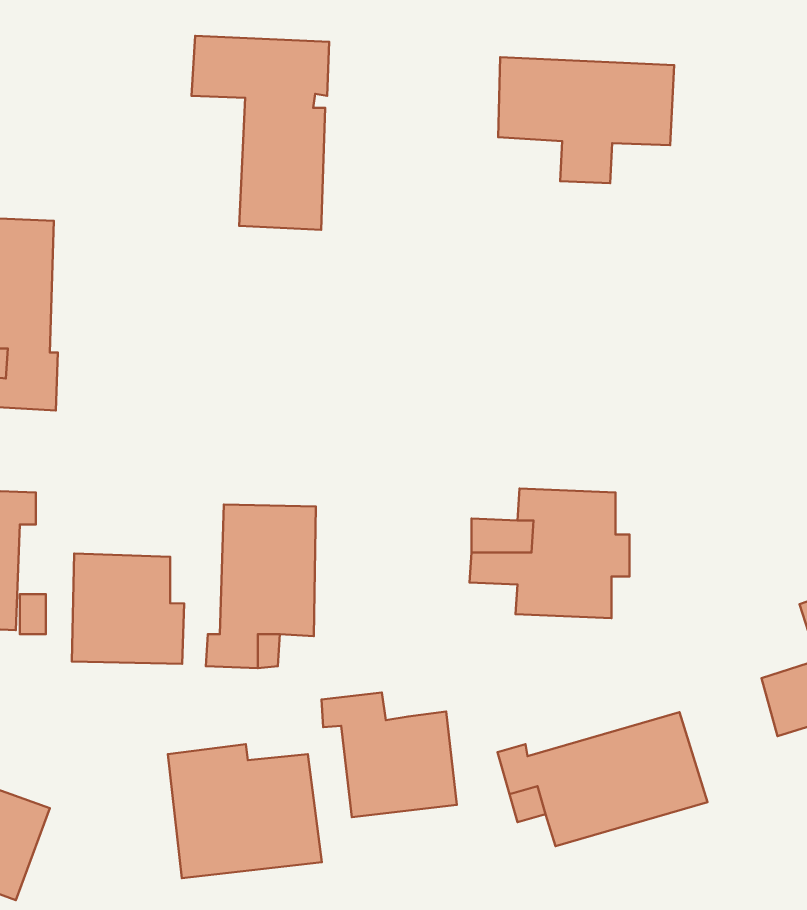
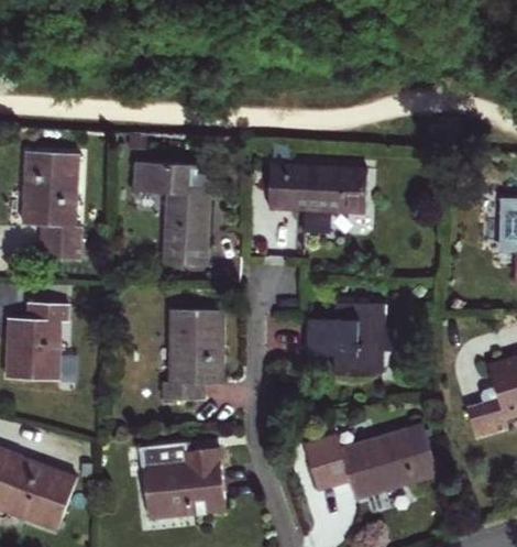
building: [191,36,329,230] -> [135,162,211,269]
building: [498,57,674,183] -> [268,163,365,232]
building: [72,554,184,664] -> none
building: [321,693,457,817] -> none

